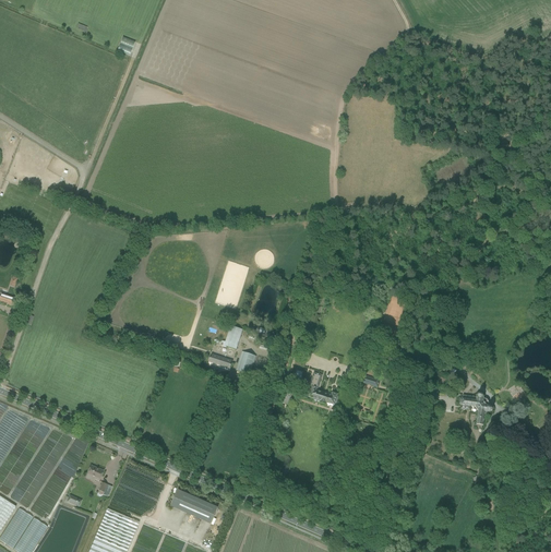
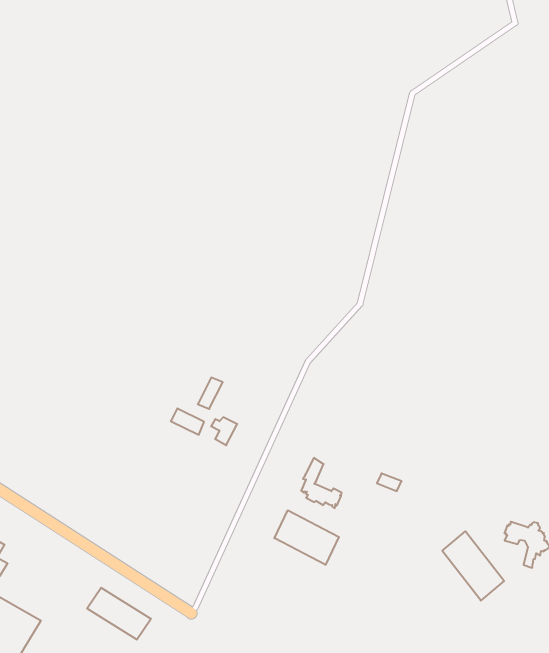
building: none -> [442,531,504,601]
building: none -> [274,510,339,565]

